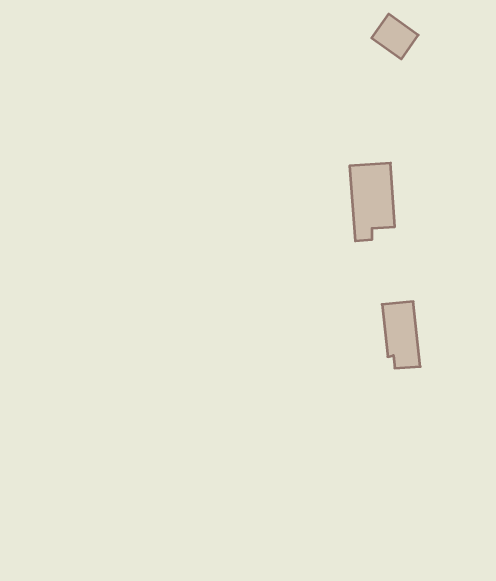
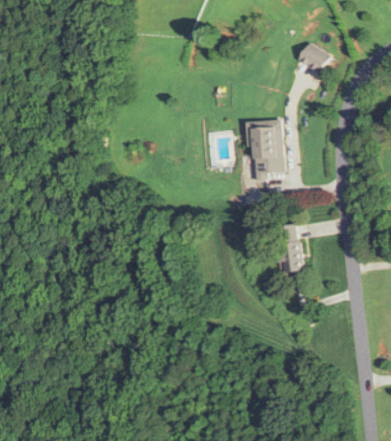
building: [372,14,418,59] -> [297,42,330,74]

